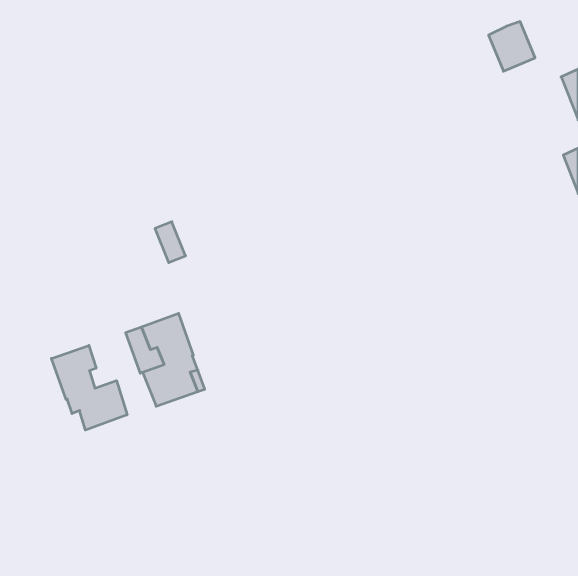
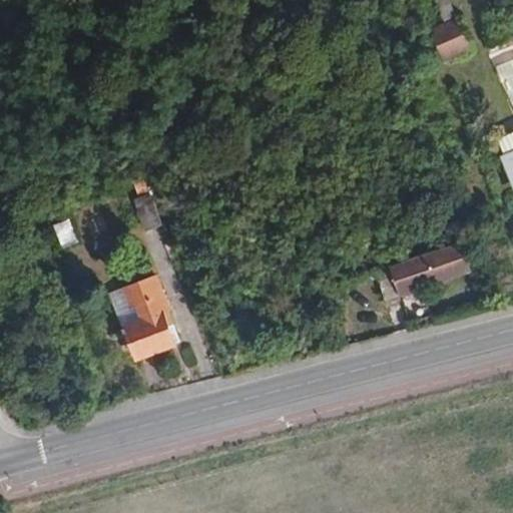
building: none -> [377,238,466,298]
building: [51,345,127,430] -> none

